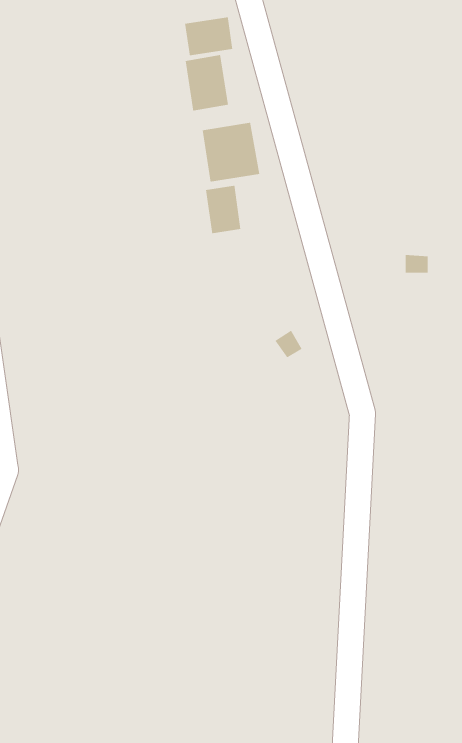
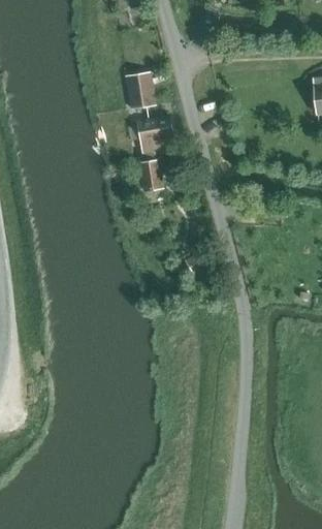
building: [185,16,233,56] -> none

